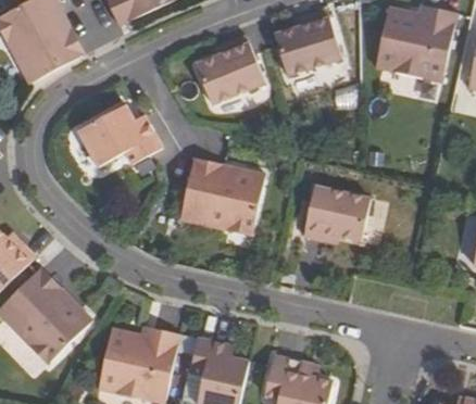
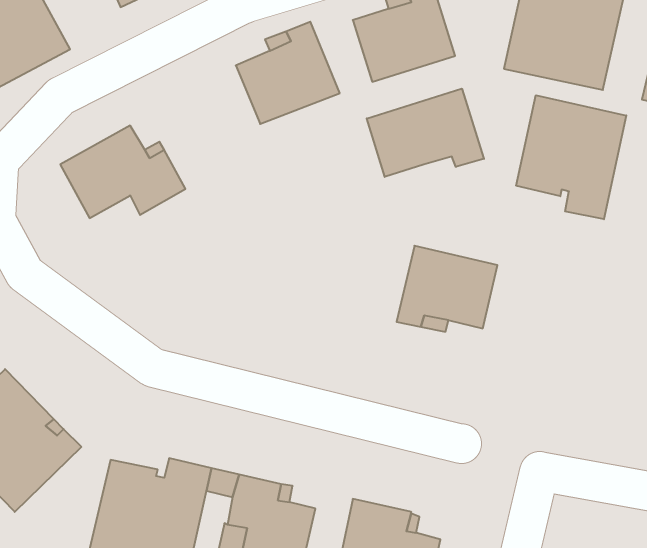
building: none -> [367,89,484,177]
building: none -> [516,95,626,219]
building: [179,157,264,235] -> none

